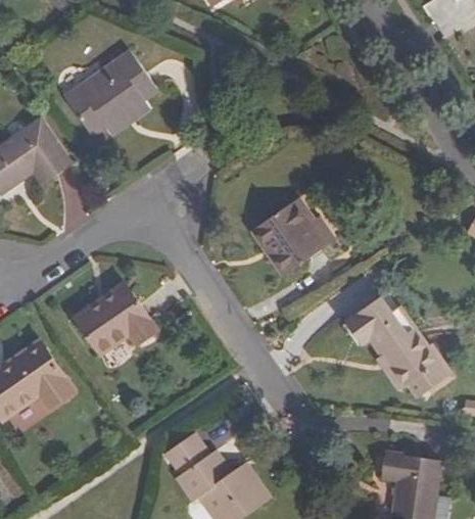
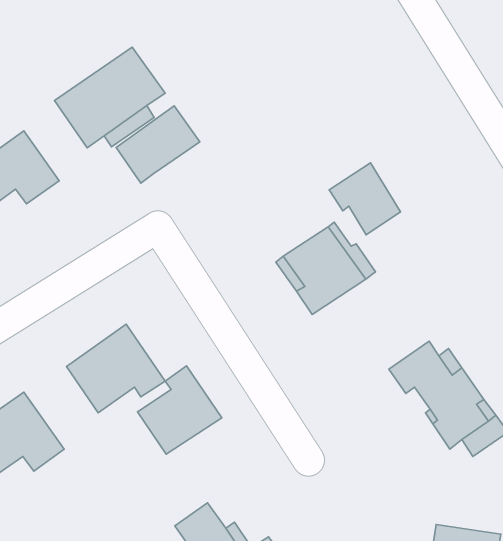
building: none -> [116,106,200,183]
building: none -> [329,163,400,235]
building: none -> [137,366,222,454]

